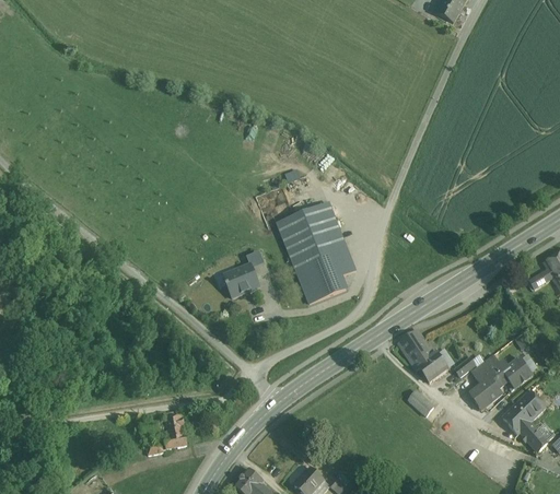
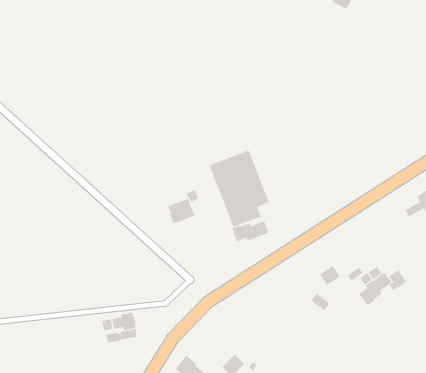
building: none -> [232,221,269,242]
building: [399,332,435,367] -> none
building: [502,388,547,448] -> none

